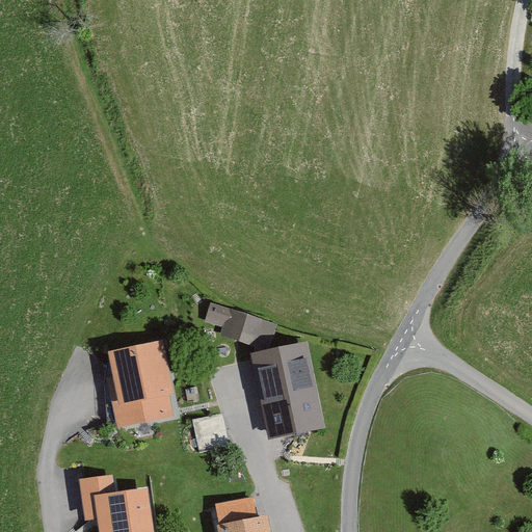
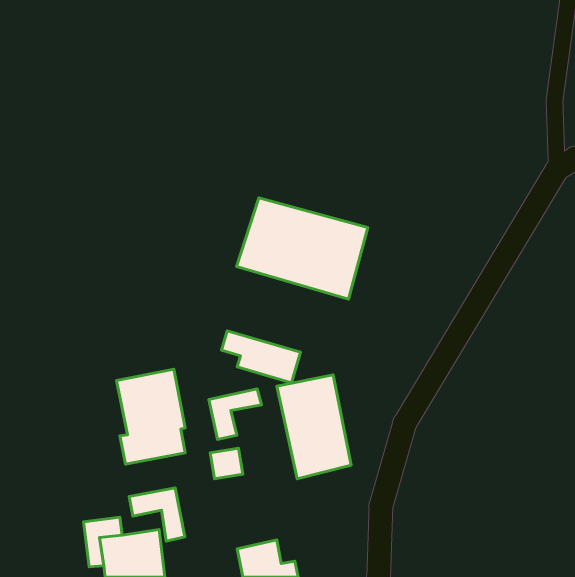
building: none -> [237,198,368,299]
building: none -> [209,389,262,439]
building: none -> [129,488,185,541]

